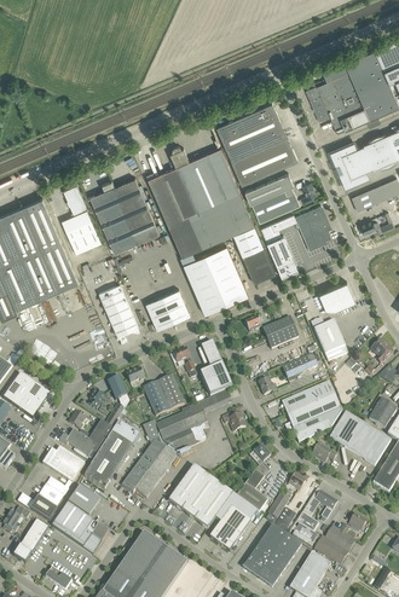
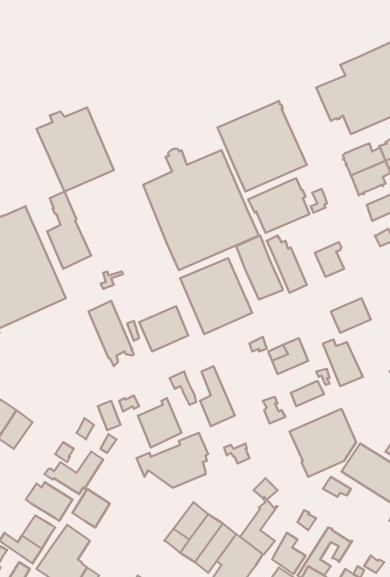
building: [88,178,158,254] -> [36,108,114,192]
building: [294,205,329,240] -> none
building: [97,422,138,468] -> none
building: [121,437,175,499] -> none

